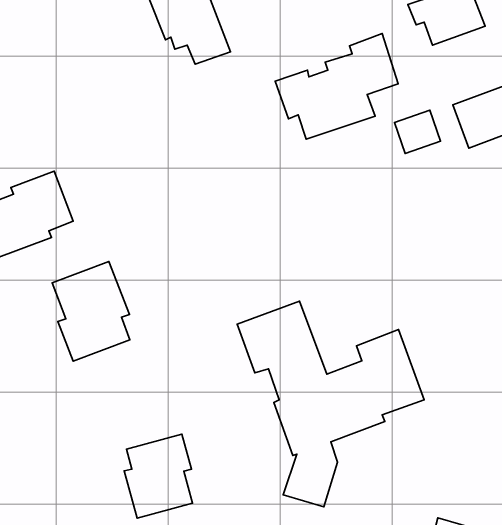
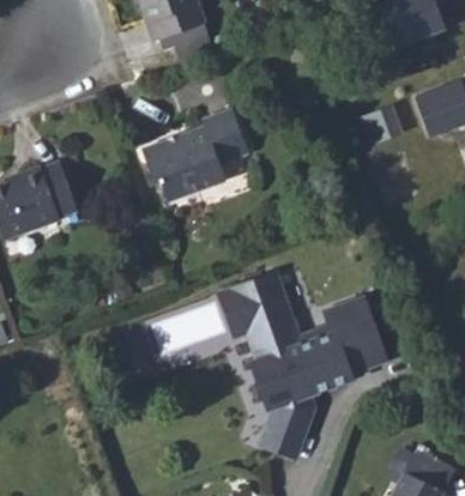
building: [275,34,398,139] -> [138,109,247,202]
building: [52,261,130,361] -> none
building: [124,434,193,518] -> none

